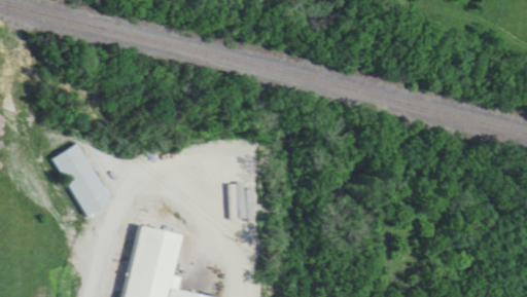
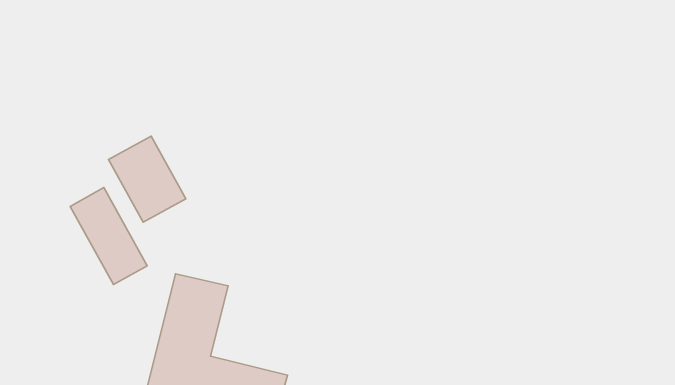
building: none -> [108,136,186,222]

